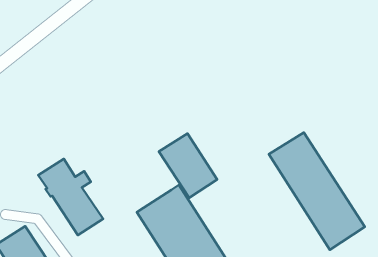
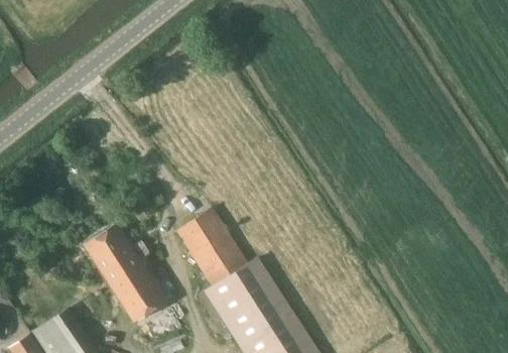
building: [269,132,365,250] -> none
building: [159,134,217,198] -> [177,209,249,287]

